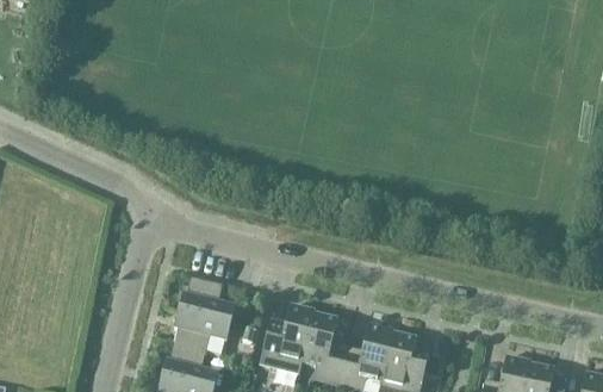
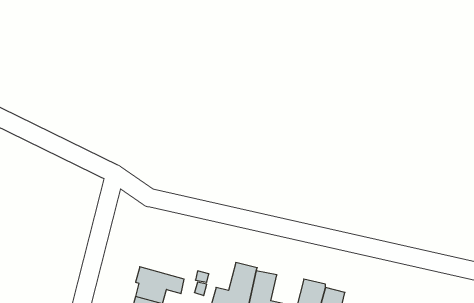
building: [179,276,235,323] -> none

